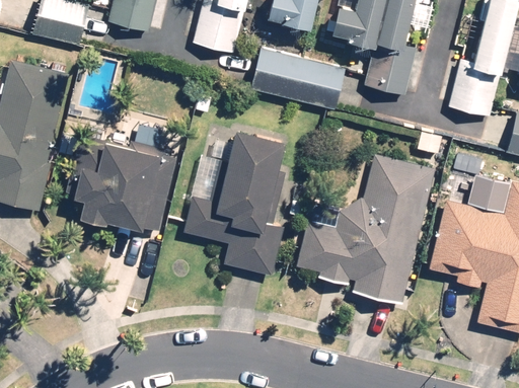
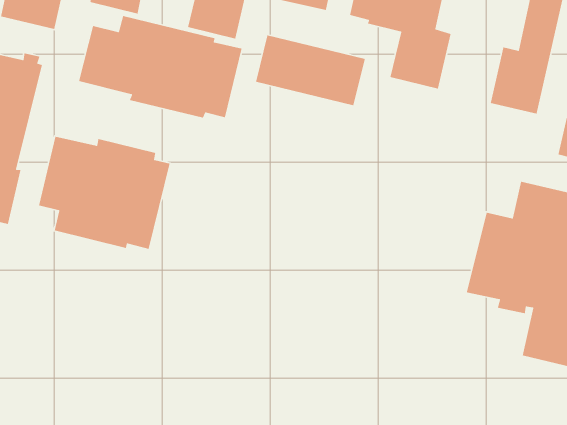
building: none -> [78,15,242,119]
building: [169,129,285,276] -> none
building: [296,155,435,304] -> none

